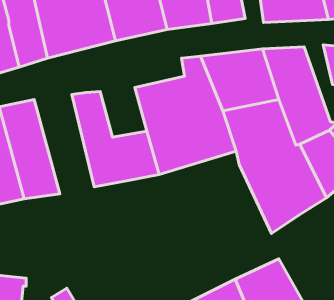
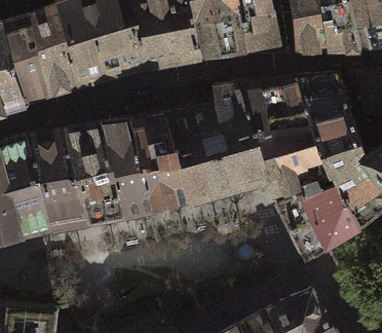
building: none -> [131,116,179,166]
building: none -> [65,123,125,224]

